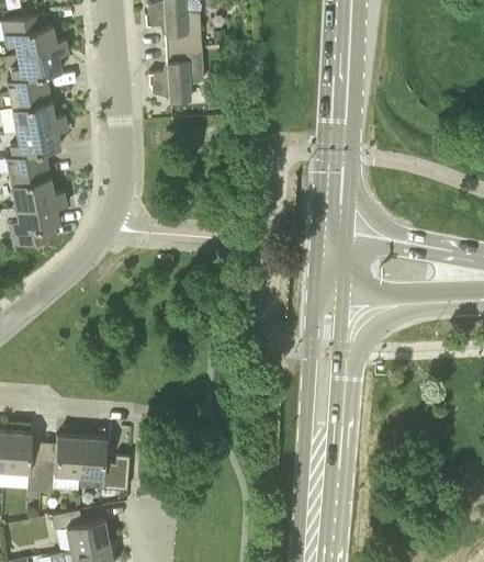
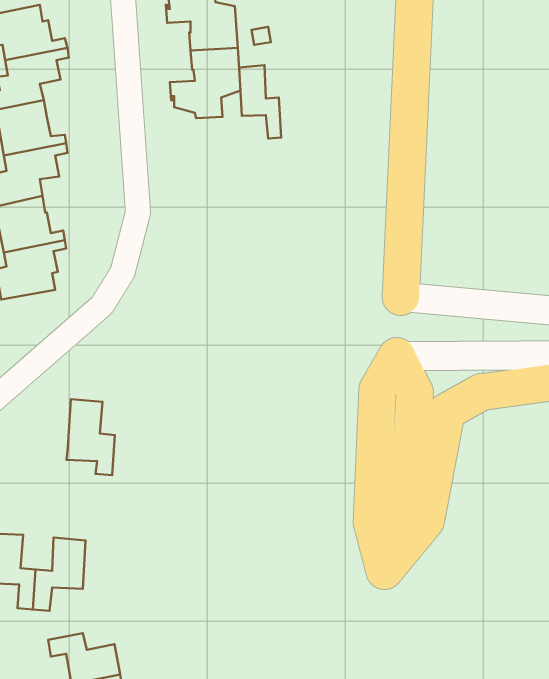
building: none -> [239,65,281,139]
building: [79,437,117,497] -> [67,399,115,475]

